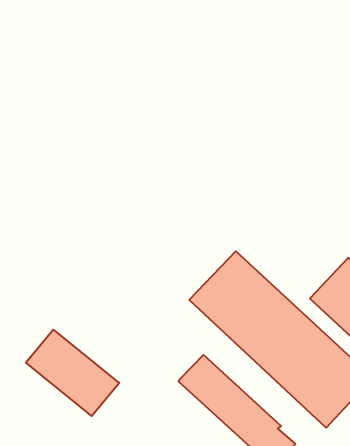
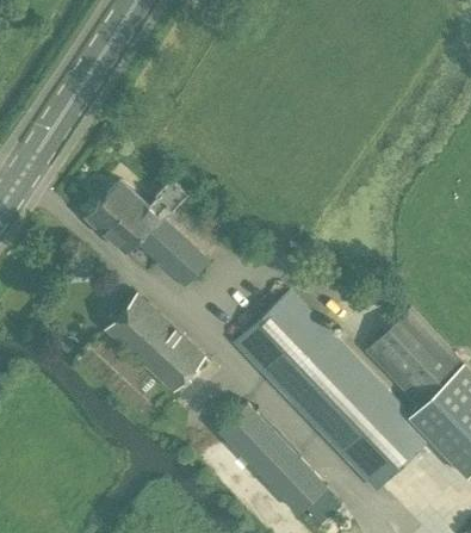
building: none -> [86,179,209,286]
building: [26,330,119,416] -> [105,295,205,391]

